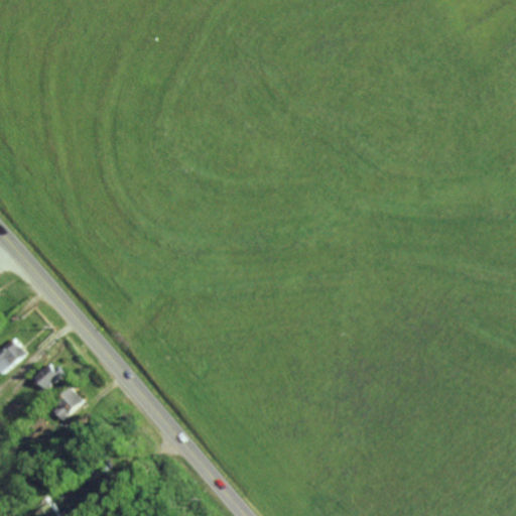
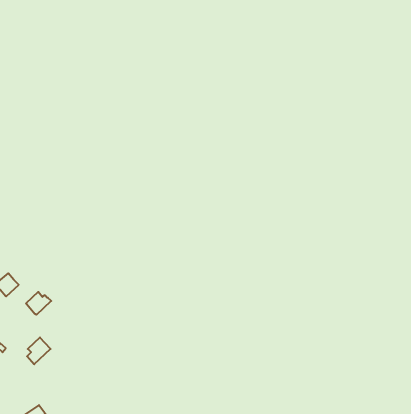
building: [53,389,83,422] -> [27,337,51,364]

